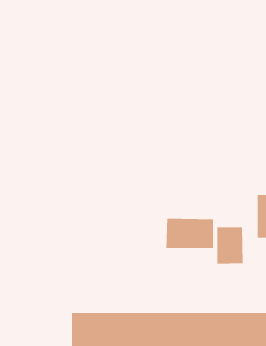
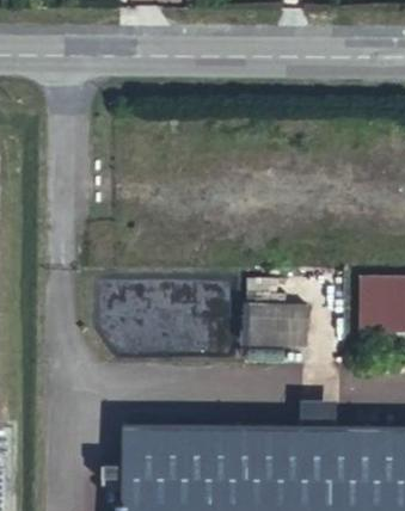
building: [216,227,244,264] -> none

